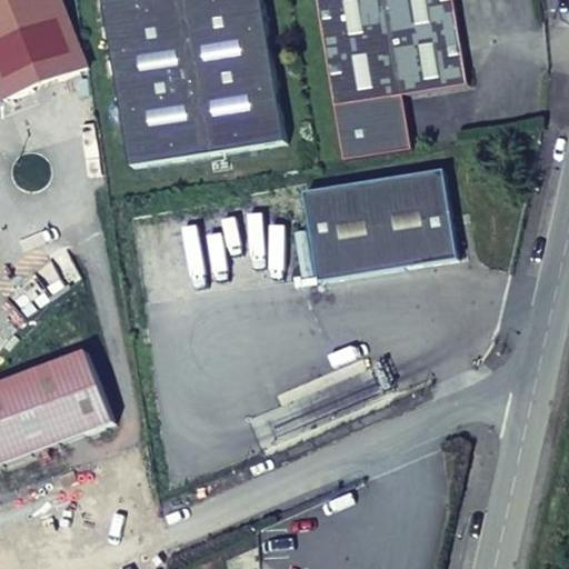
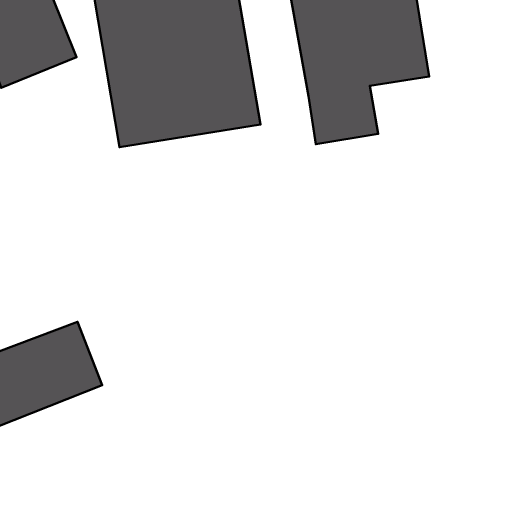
building: [303,169,455,281] -> none

